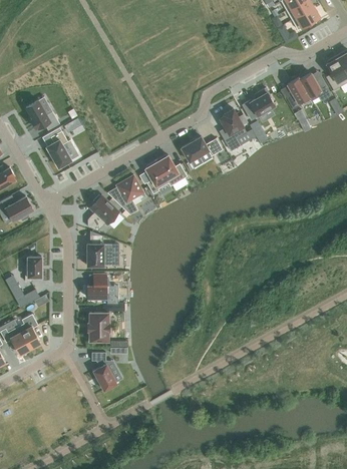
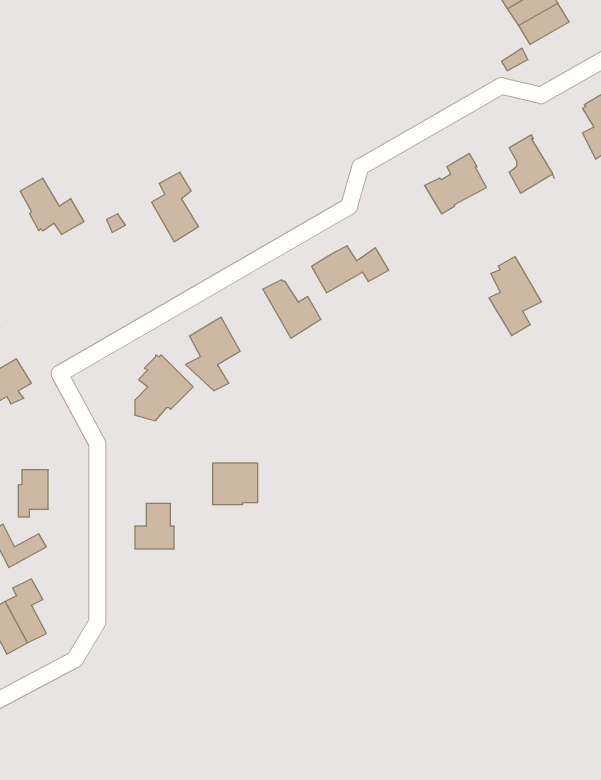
building: [299,73,331,101] -> none
building: [219,109,247,151] -> [489,257,542,336]
building: [46,131,71,168] -> [152,172,199,242]
building: [145,160,170,194] -> none
building: [87,245,111,267] -> [213,463,258,505]
building: [87,313,109,342] -> none
building: [91,353,116,391] -> none

